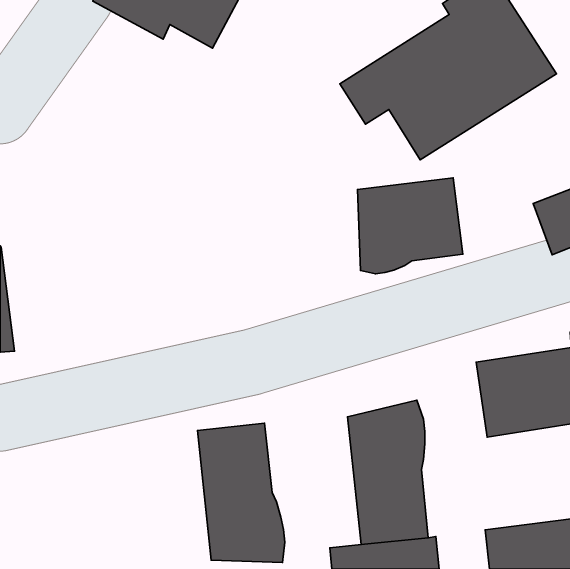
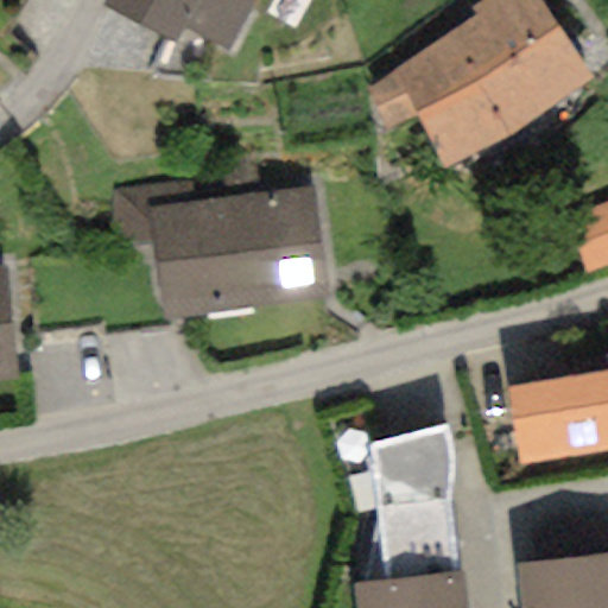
building: none -> [114,177,336,325]
building: [358,178,463,274] -> none
building: [197,423,285,562] -> none

